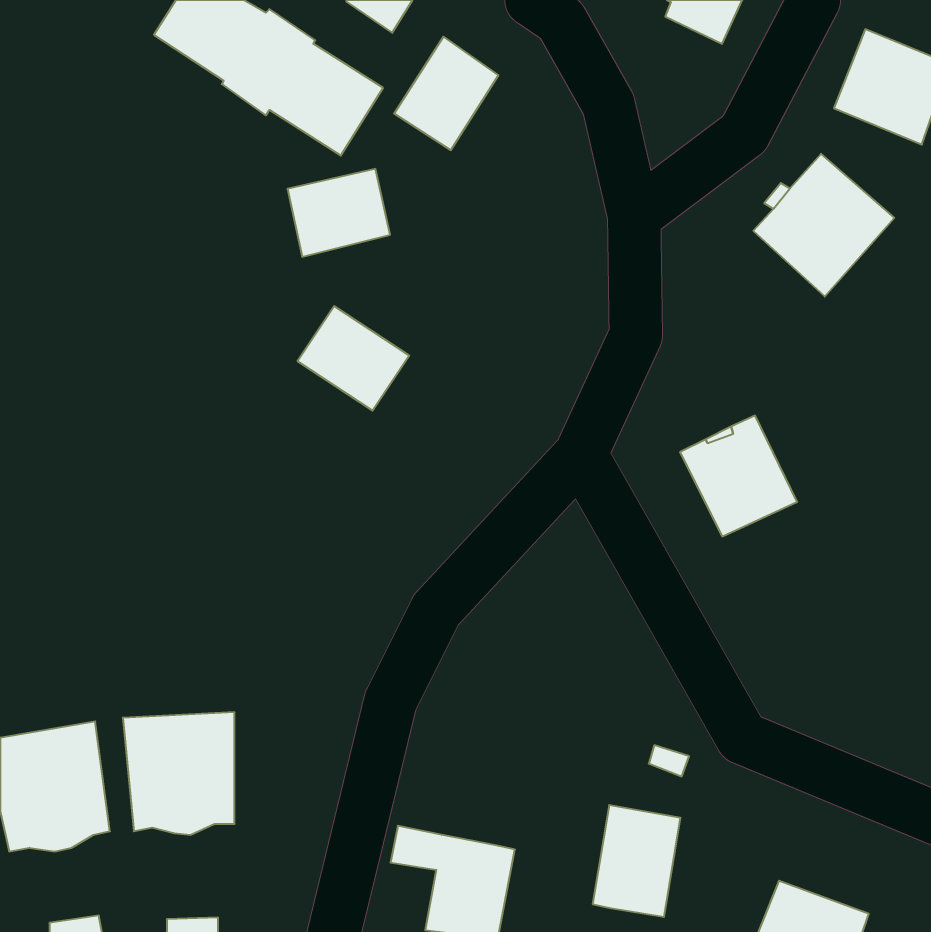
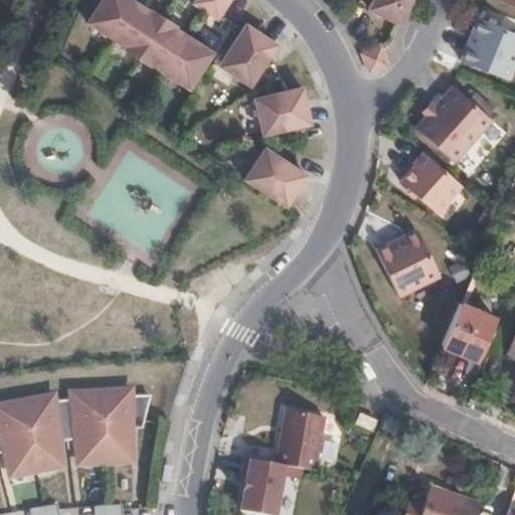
building: [287,169,390,257] -> [254,85,311,134]
building: none -> [400,151,462,213]
building: [297,306,409,411] -> [245,147,307,204]
building: none -> [443,304,496,361]
building: [593,805,681,917] -> [277,412,325,474]

